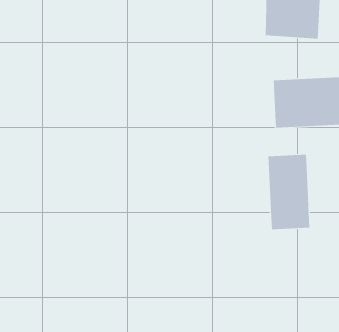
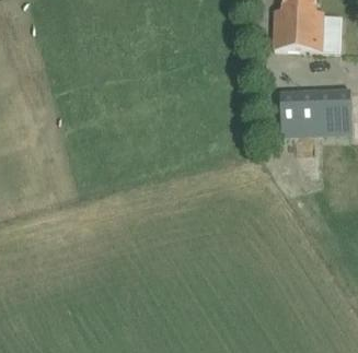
building: [268,154,310,230] -> none

